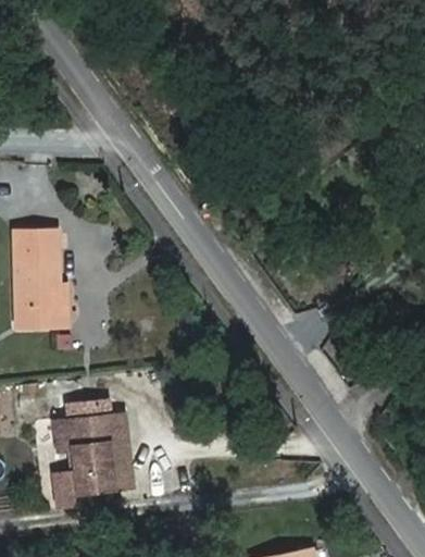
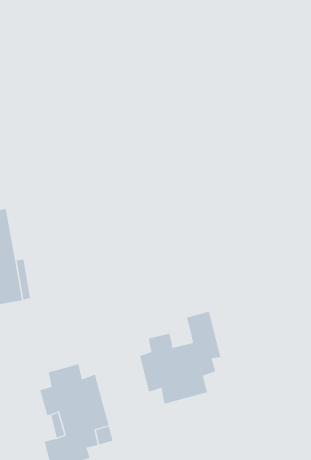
building: none -> [139,311,221,404]

